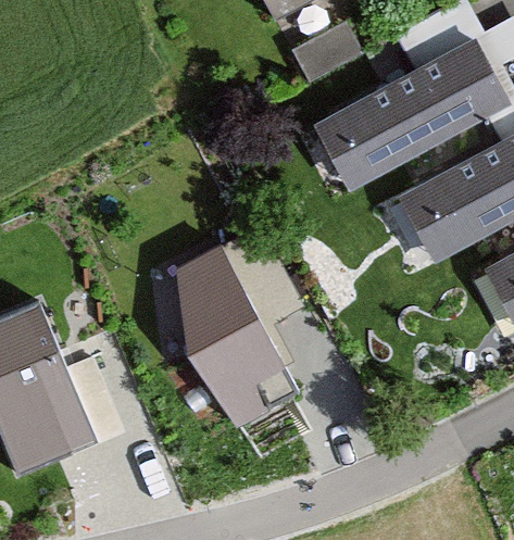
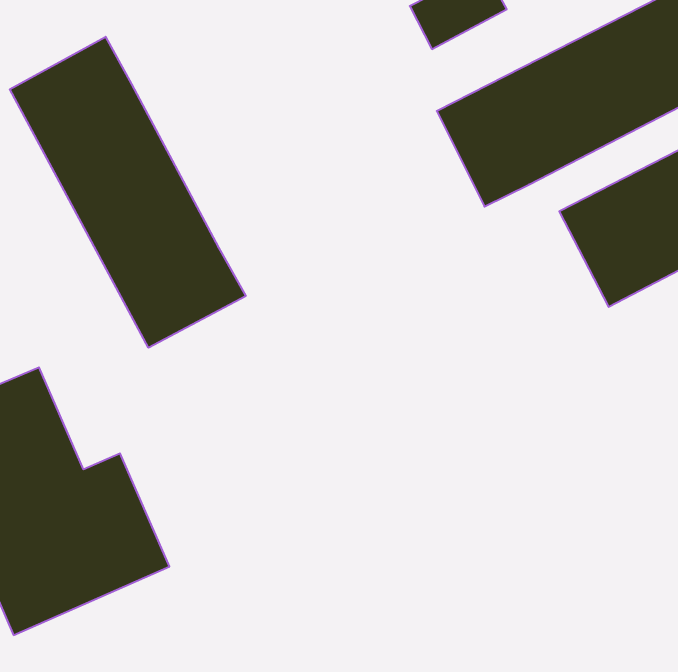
building: none -> [10,37,246,348]
building: [177,251,300,439] -> none

